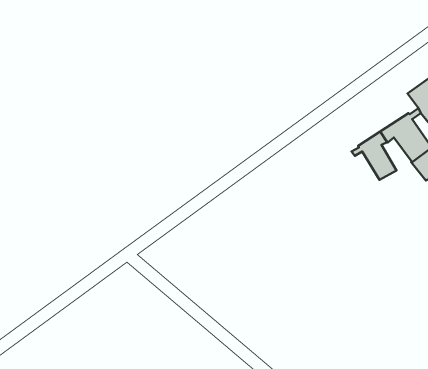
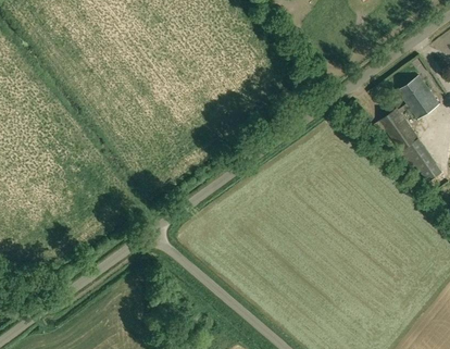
building: [352,131,396,180] -> none

